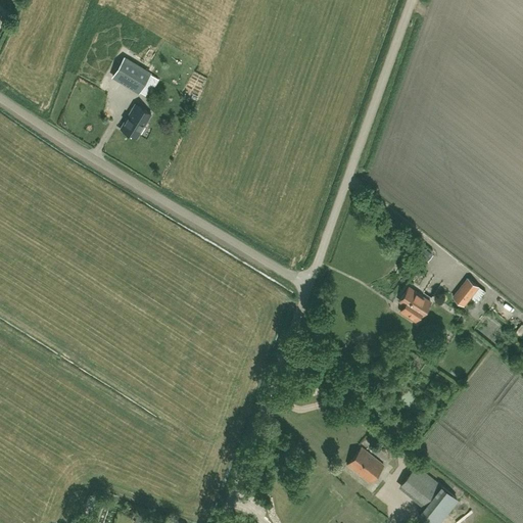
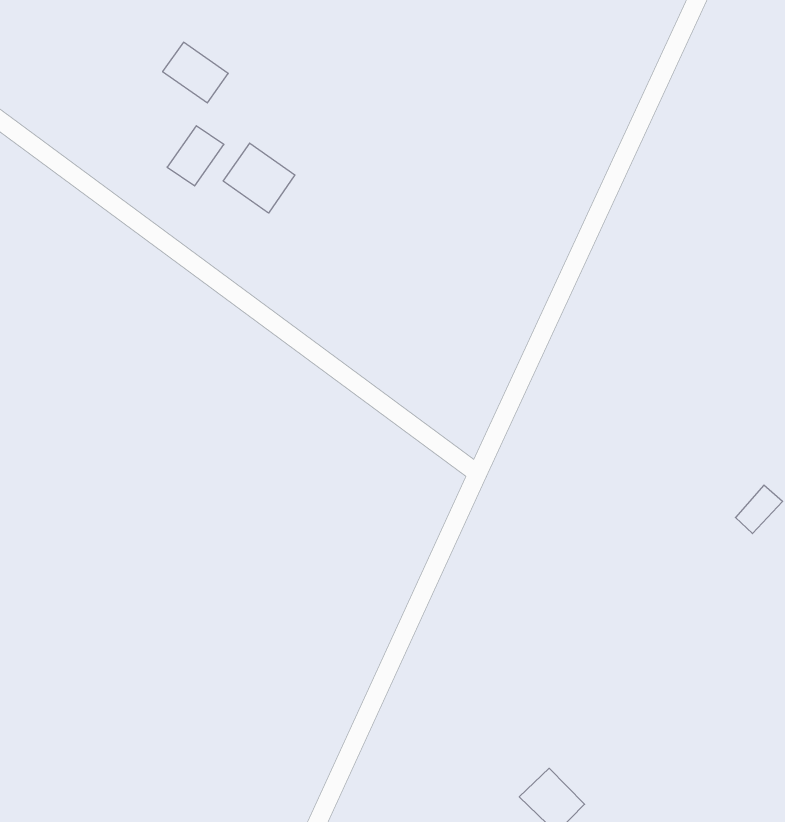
building: none -> [223,143,295,213]
building: [399,289,431,323] -> none

